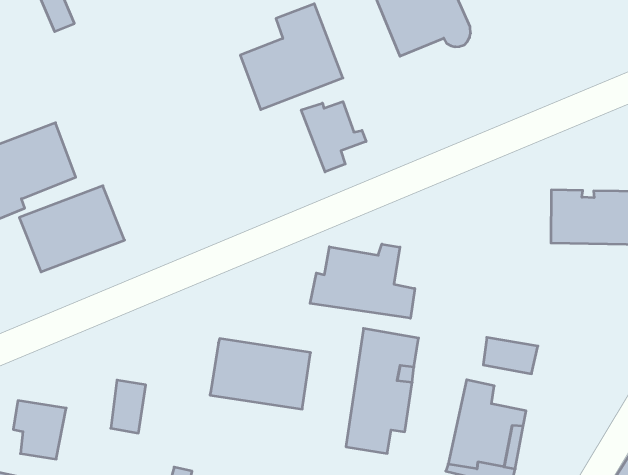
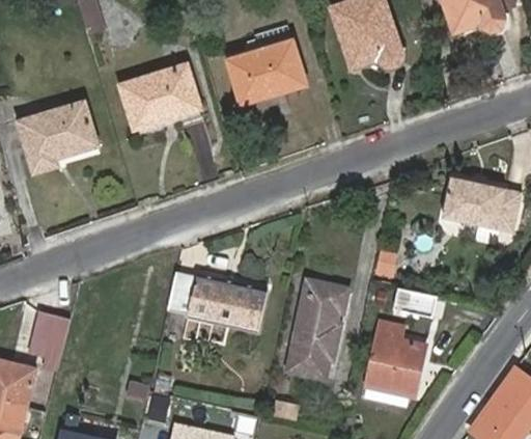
building: [301,102,366,172] -> none
building: [19,186,125,272] -> [119,65,198,128]
building: [310,244,415,318] -> none
building: [111,380,146,433] -> [166,274,195,315]

